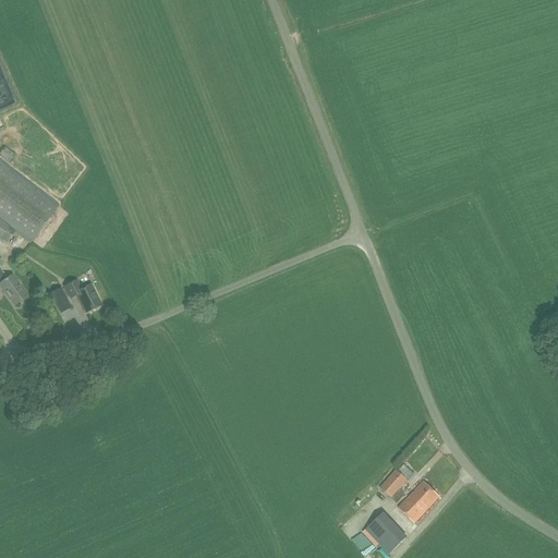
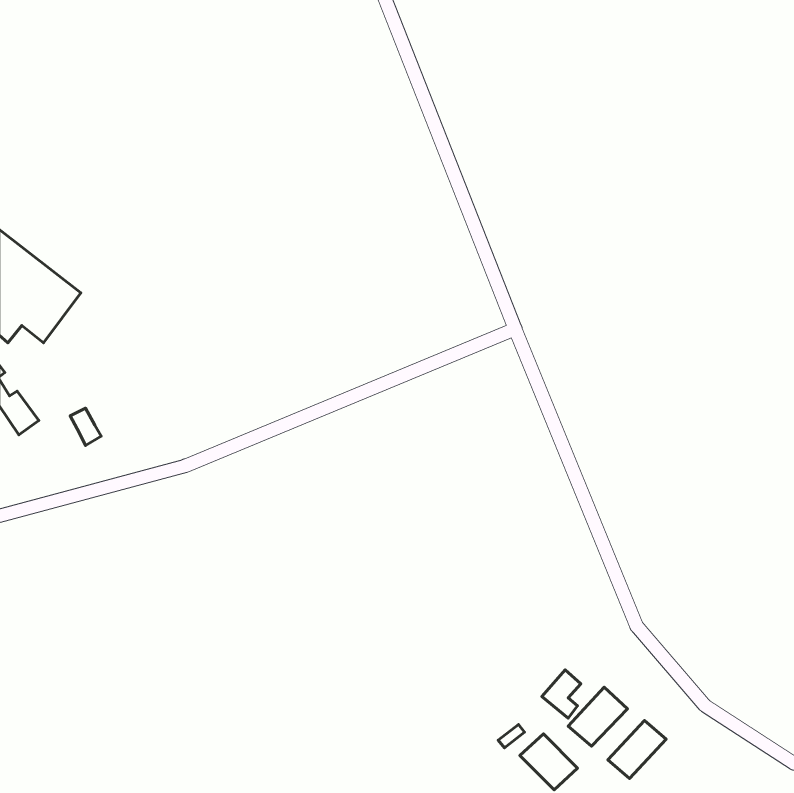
building: [62,278,101,312] -> none
building: none -> [608,721,666,779]

